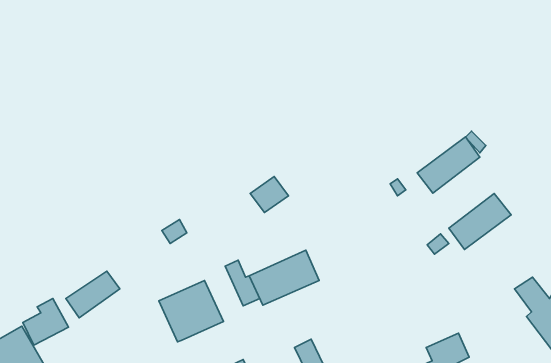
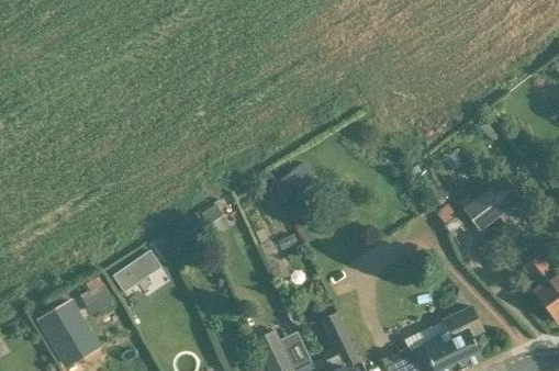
building: [417,137,480,193] -> none
building: [249,250,319,305] -> none
building: [159,280,223,342] -> none

